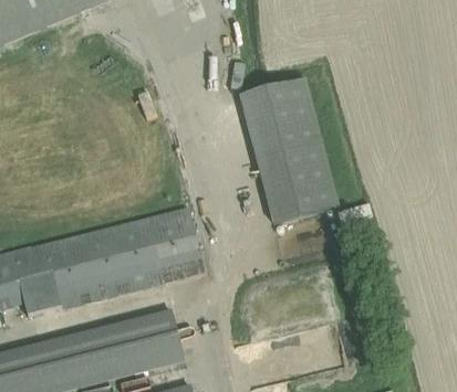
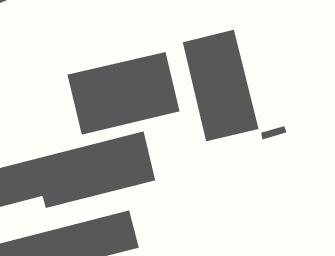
building: none -> [67,51,180,135]

